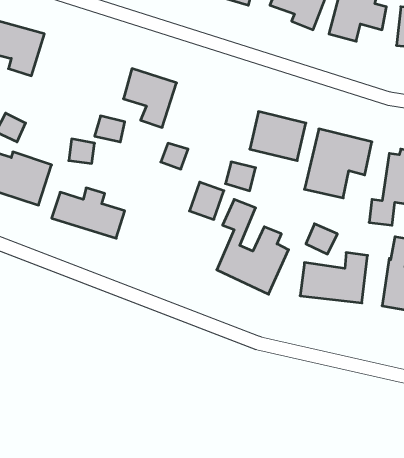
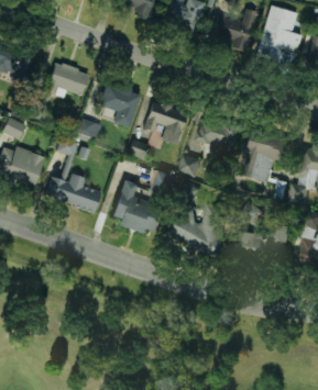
building: none -> [47,63,89,97]
building: none -> [144,101,188,144]
building: none -> [111,180,165,232]

